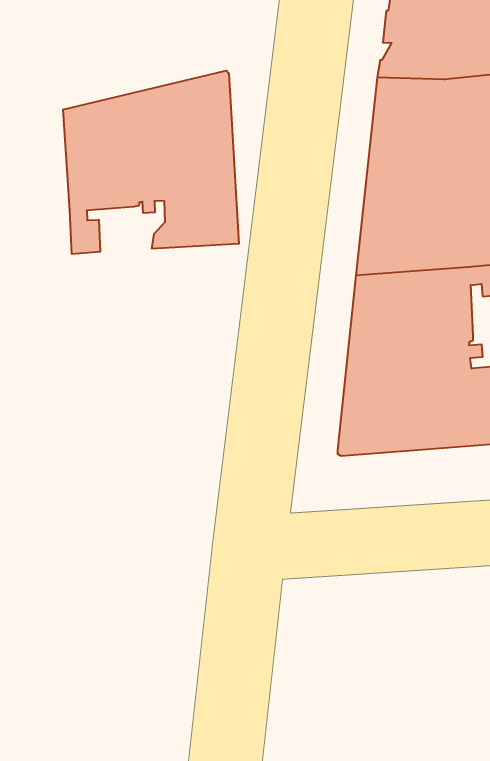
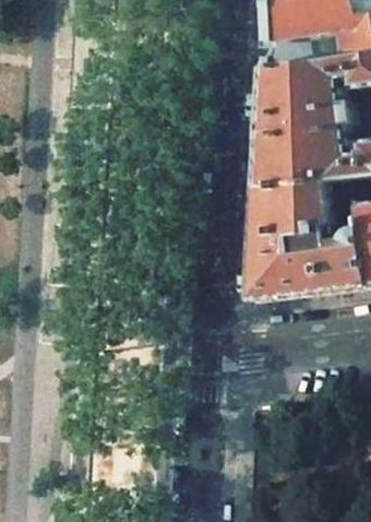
building: [63,71,239,254] -> none

